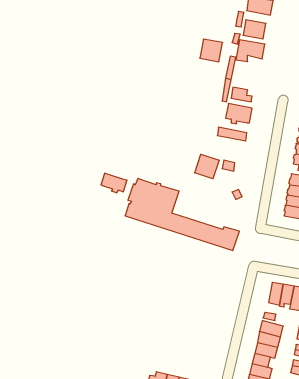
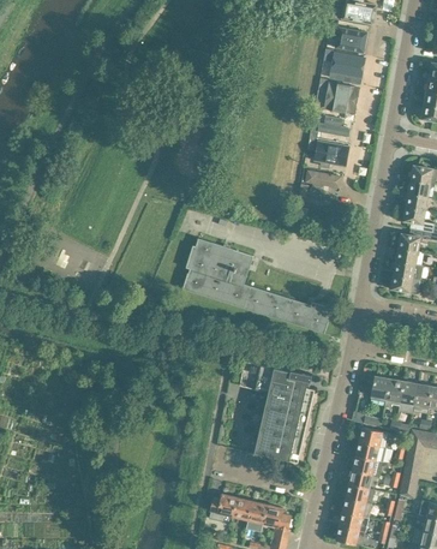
building: [200,39,223,62] -> [324,86,354,117]
building: [195,154,219,179] -> none
building: [101,173,127,193] -> none
building: none -> [240,360,315,463]

